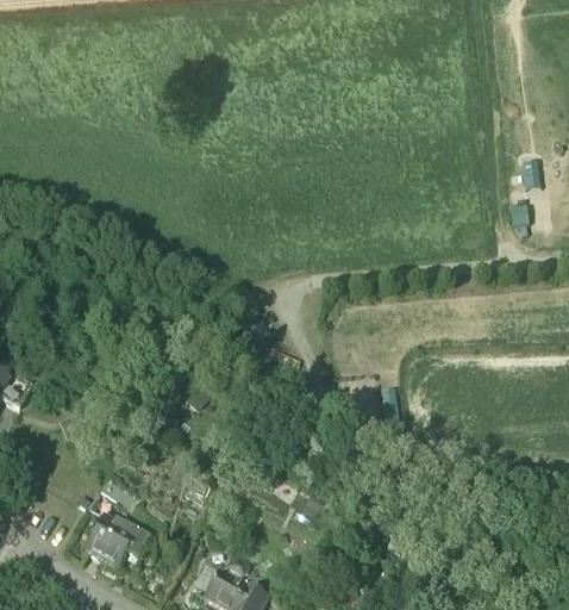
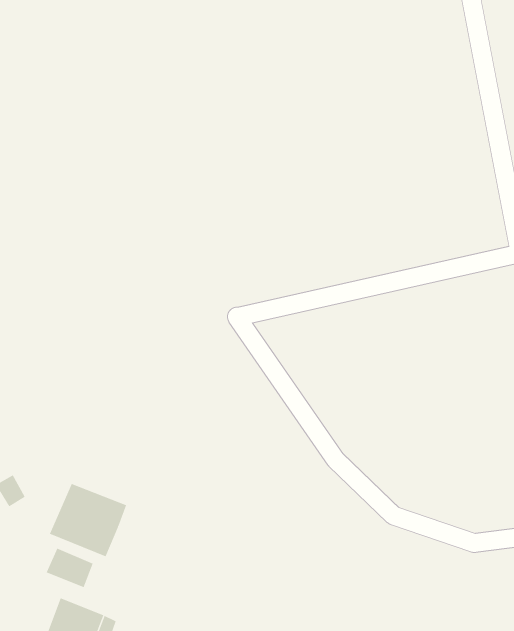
building: none -> [49,483,127,557]

